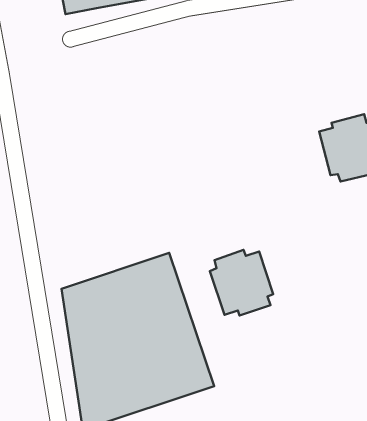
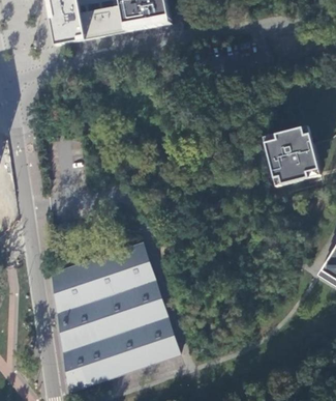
building: [210,250,273,315] -> none

